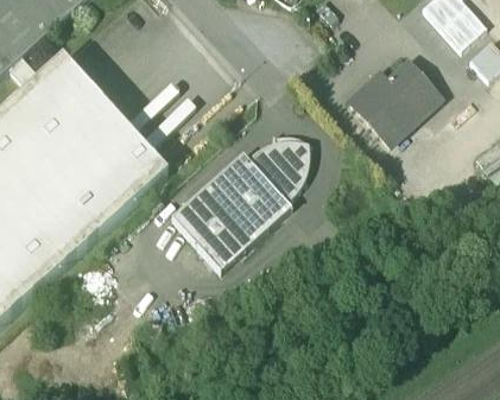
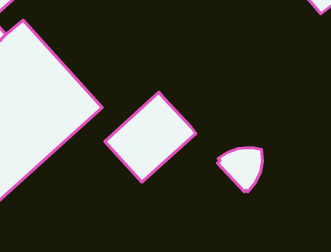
building: [350,62,439,141] -> none
building: [249,139,309,197] -> [217,148,262,192]

